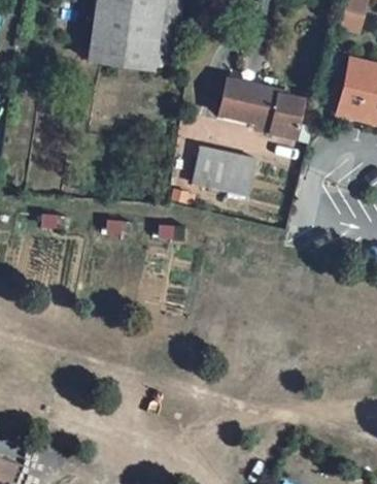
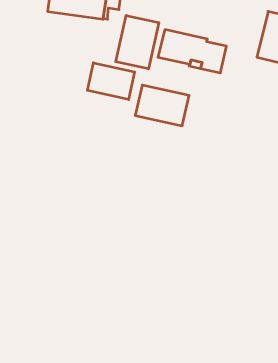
building: none -> [116,15,159,69]
building: none -> [87,63,135,100]

